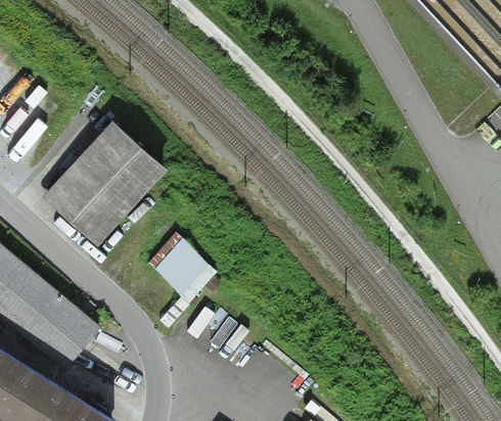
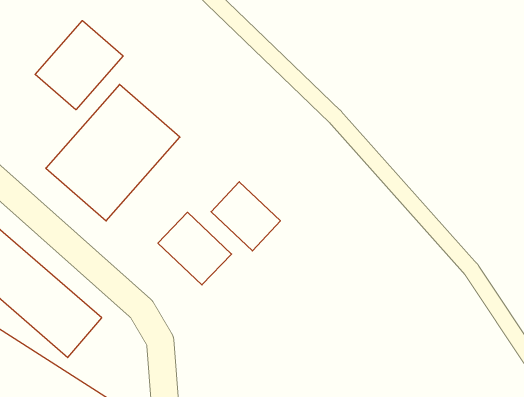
building: none -> [35,21,123,110]
building: none -> [211,182,280,251]

